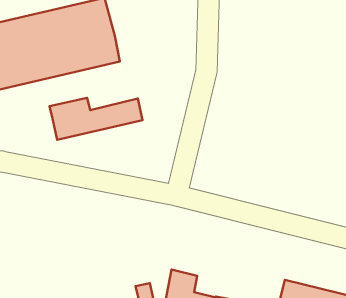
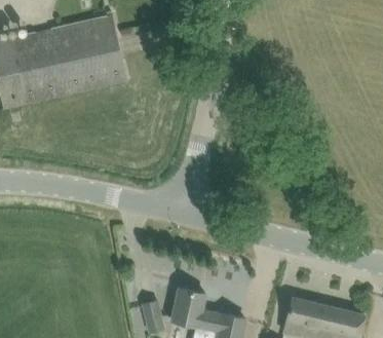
building: [49,98,143,140] -> none

